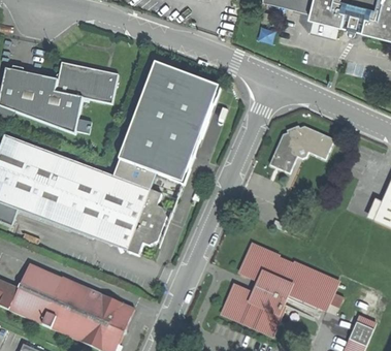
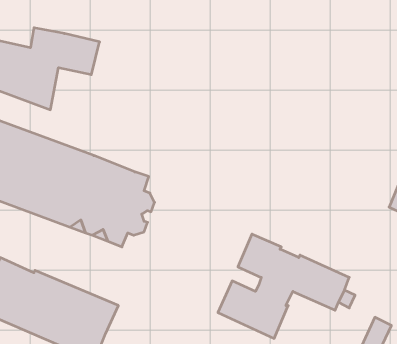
building: [112,62,218,188] -> none
building: [268,123,333,171] -> none

